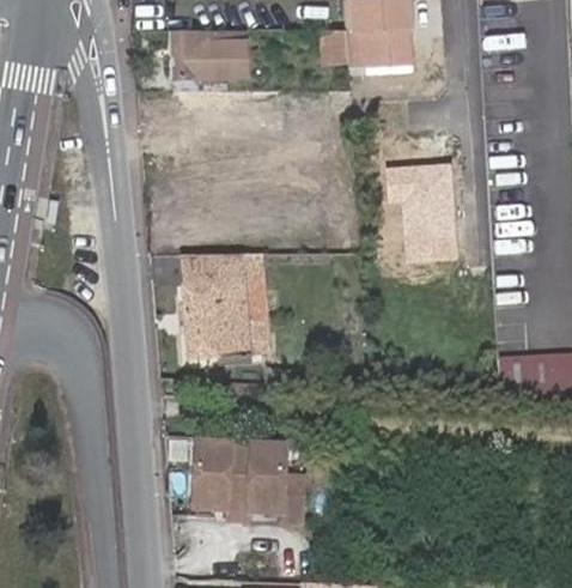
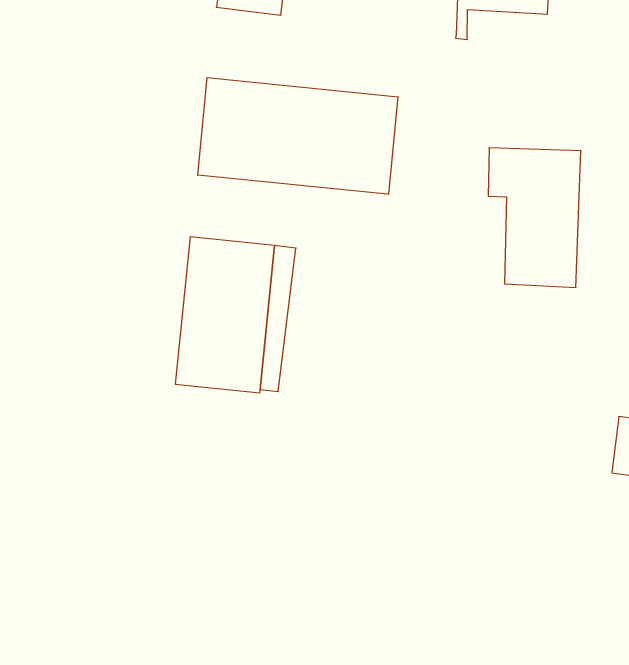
building: none -> [198,78,398,194]
building: [194,436,306,521] -> none

